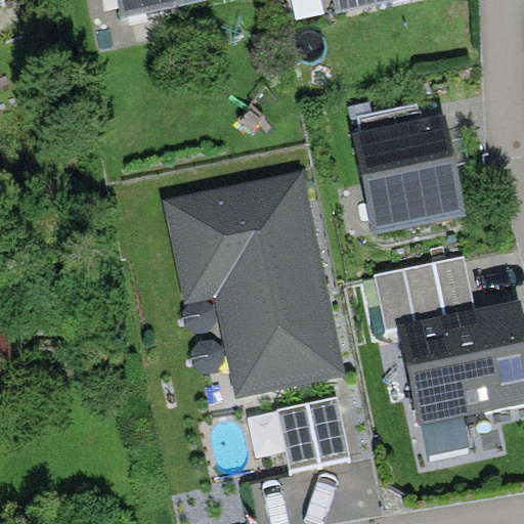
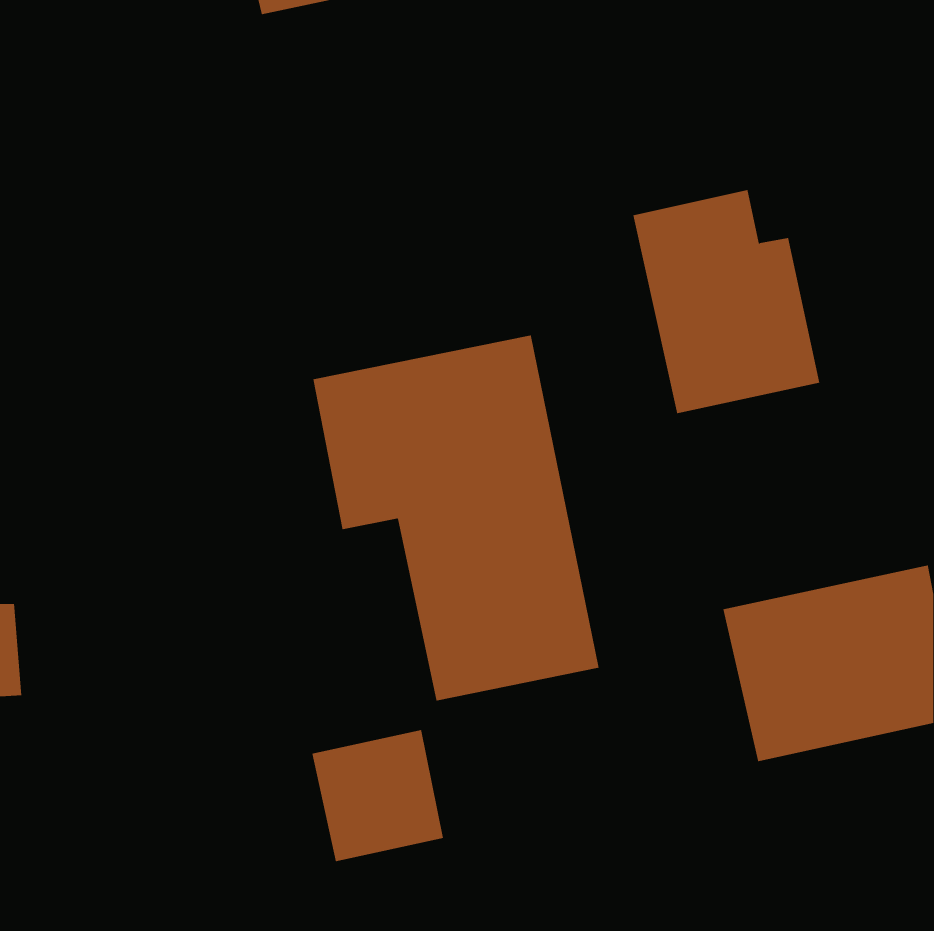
building: [374,258,476,334] -> none
building: [276,398,350,472] -> [311,729,444,862]

